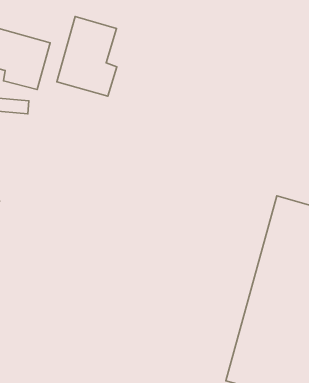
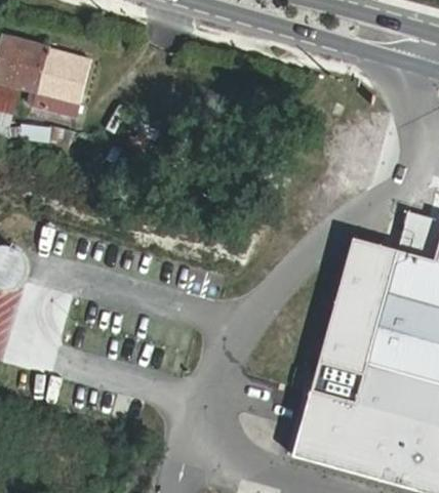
building: [57,17,117,96] -> none

